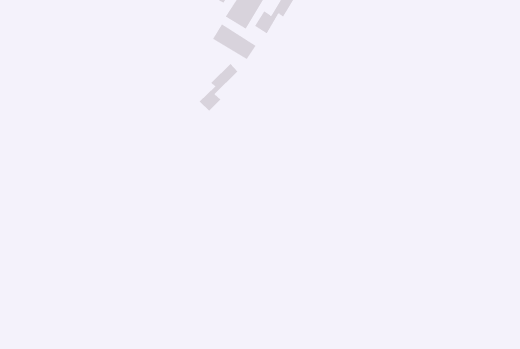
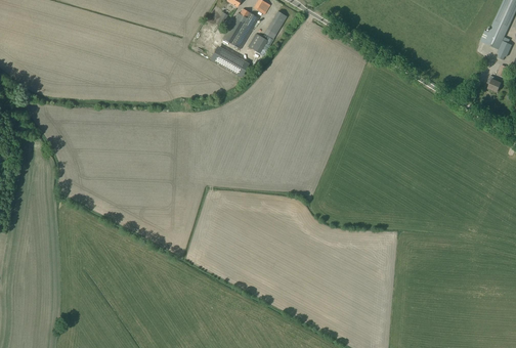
building: [199,63,238,112] -> none

